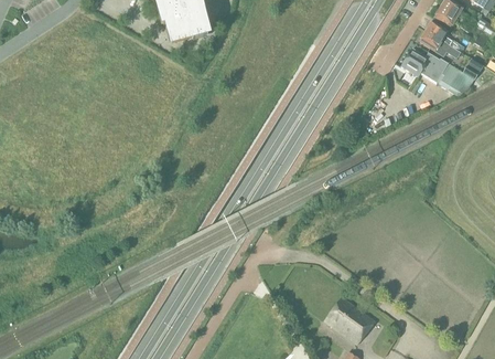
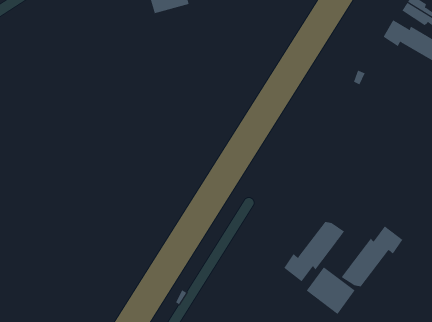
building: none -> [283,221,345,282]
building: none -> [341,225,403,287]

